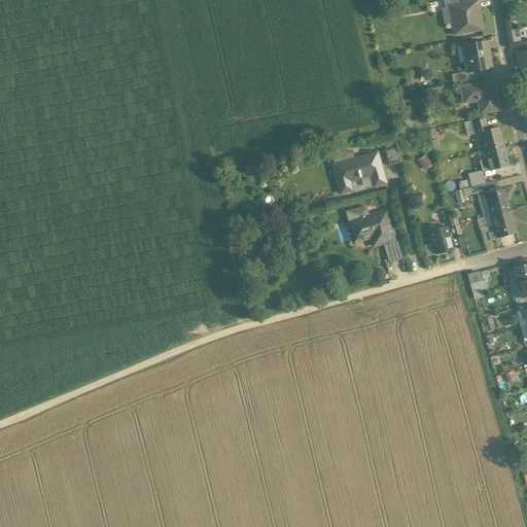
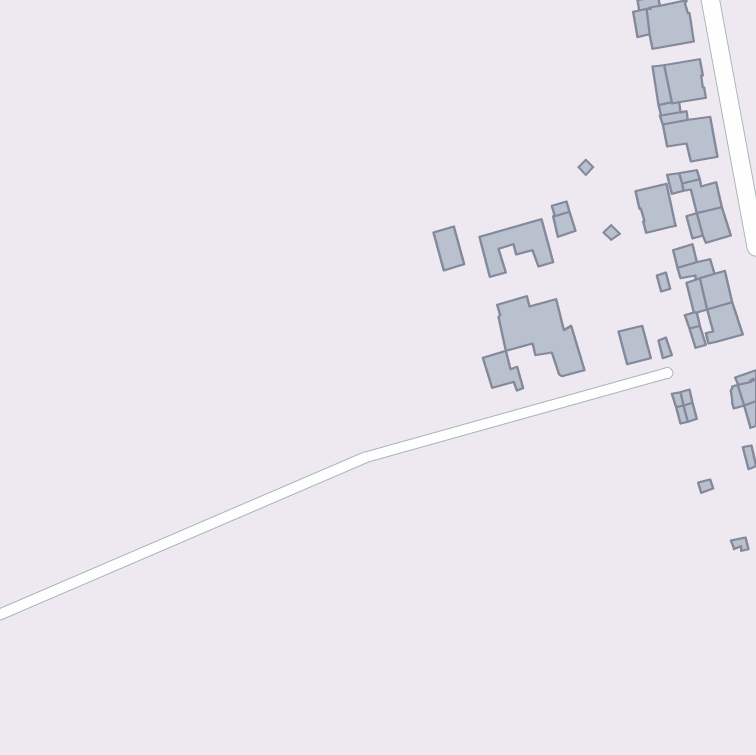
building: none -> [636,184,676,233]
building: none -> [433,226,464,271]
building: none -> [483,351,523,390]

